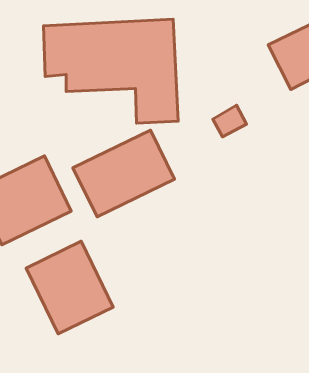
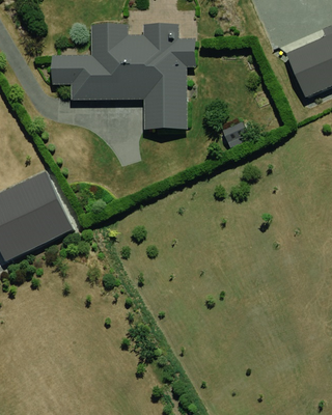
building: [73,130,174,217] -> none
building: [26,241,113,334] -> none

